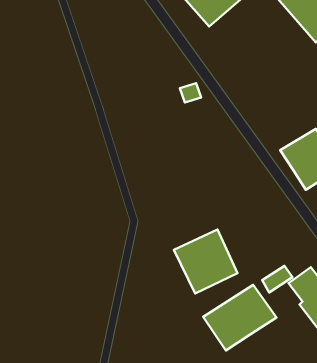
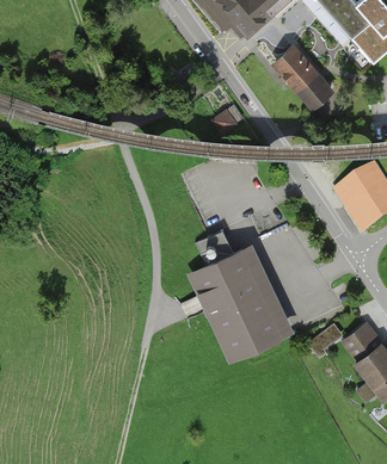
building: none -> [275,44,342,113]
building: none -> [191,249,256,303]
building: [203,285,276,351] -> none

